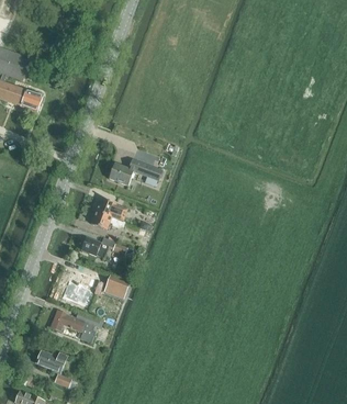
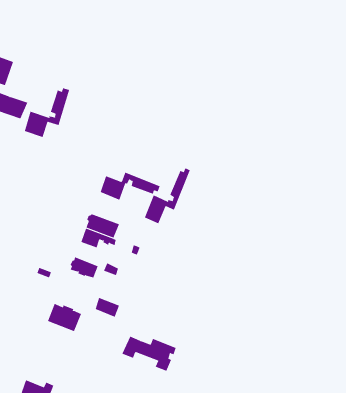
building: none -> [24,88,70,138]
building: none -> [144,168,190,224]
building: [49,310,100,343] -> [122,336,176,372]

